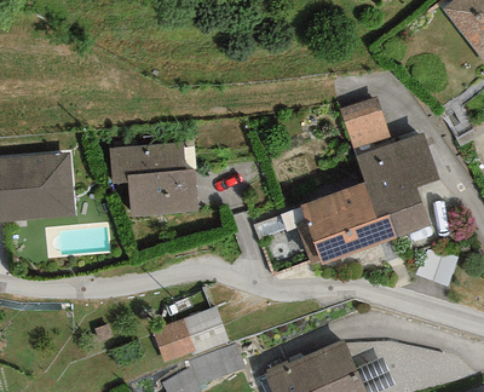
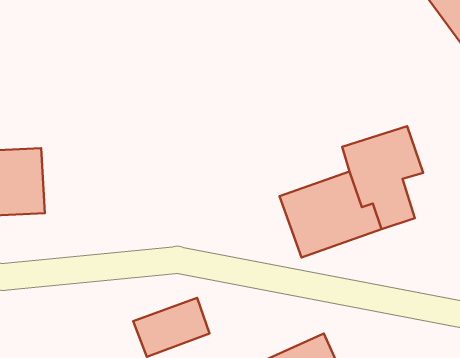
building: [340,96,390,146] -> none
building: [105,142,191,219] -> none

